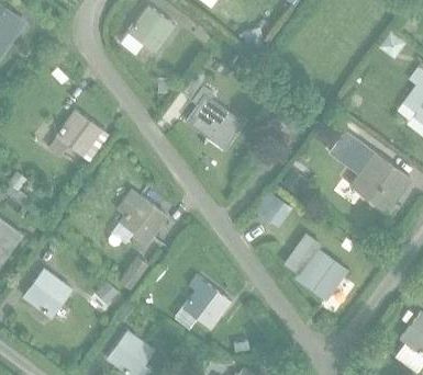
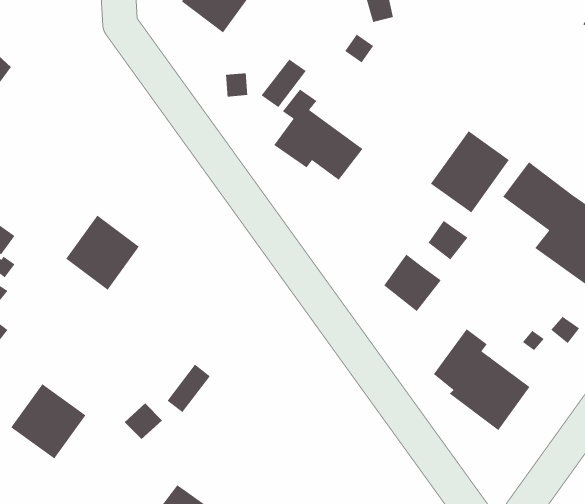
building: [56,111,102,158] -> [65,215,140,291]
building: none -> [430,130,510,214]
building: [121,196,168,243] -> none
building: [178,282,230,330] -> none

